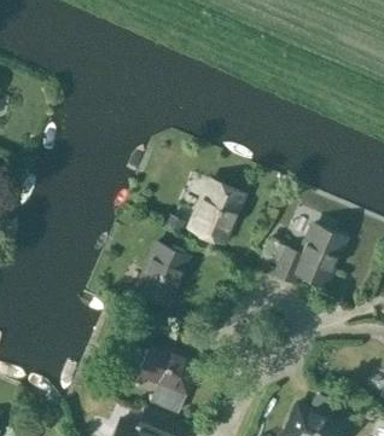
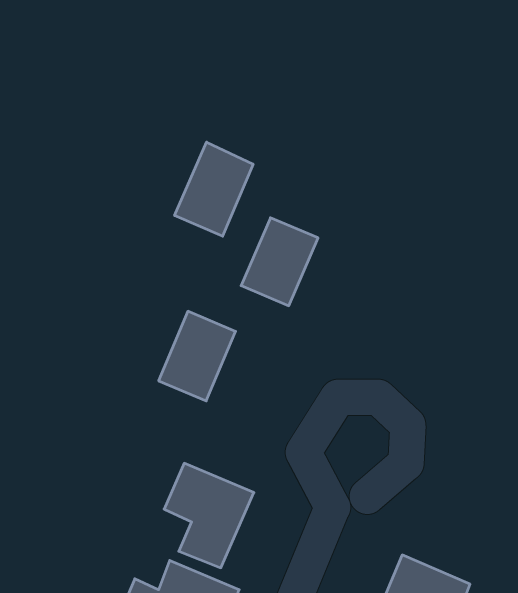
building: none -> [175,142,253,236]
building: [273,227,342,285] -> none

